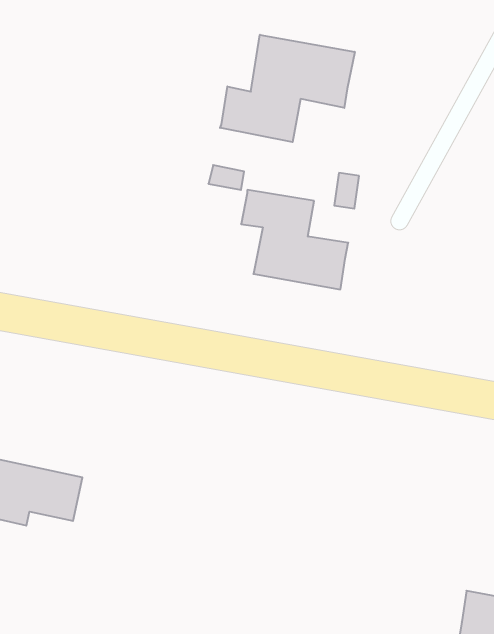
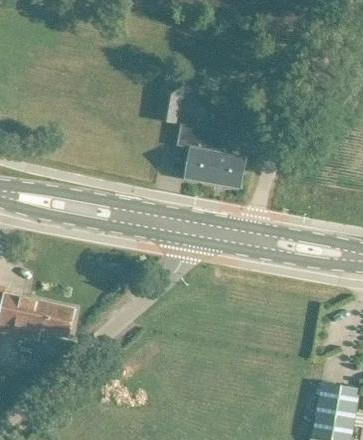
building: [220,35,355,142] -> none

